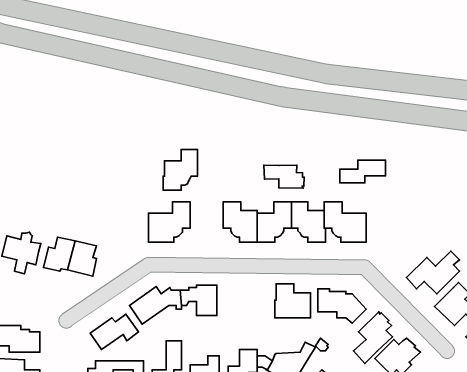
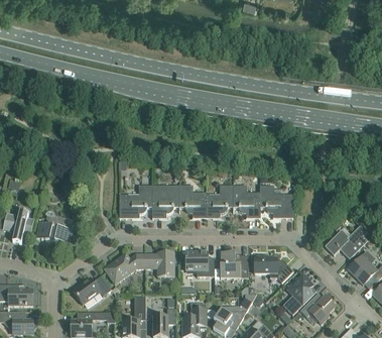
building: [163,150,197,190] -> [151,187,178,219]
building: [340,160,385,183] -> none
building: [264,165,304,188] -> none
building: none -> [185,252,214,277]

